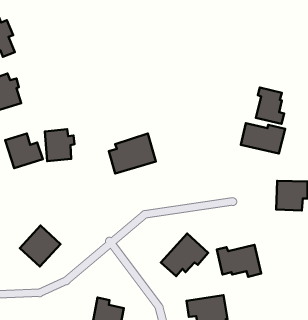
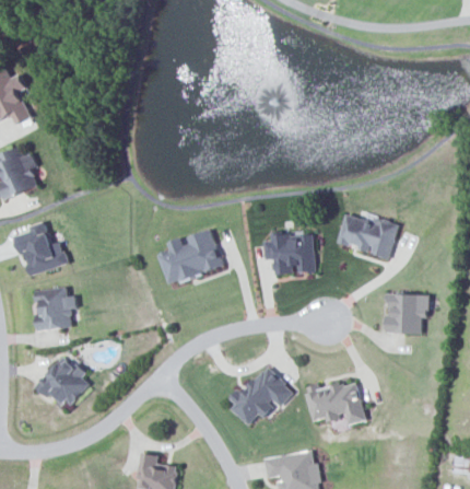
building: [256,87,284,124] -> none
building: [45,129,74,161] -> [35,287,75,330]
building: none -> [263,231,315,275]

